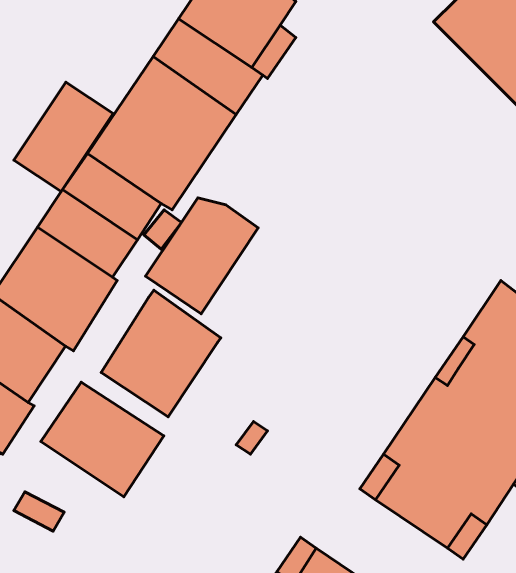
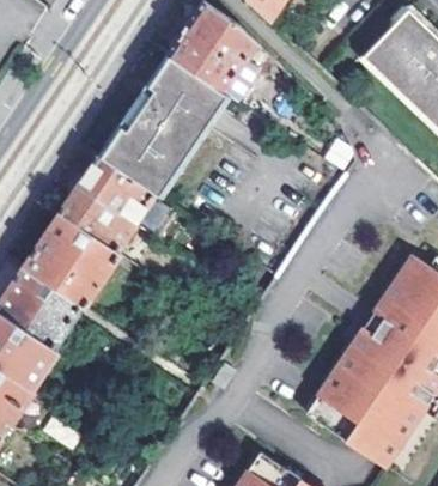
building: [14,82,113,192] -> none
building: [146,198,258,314] -> none
building: [101,290,221,417] -> none
building: [41,382,164,497] -> none

